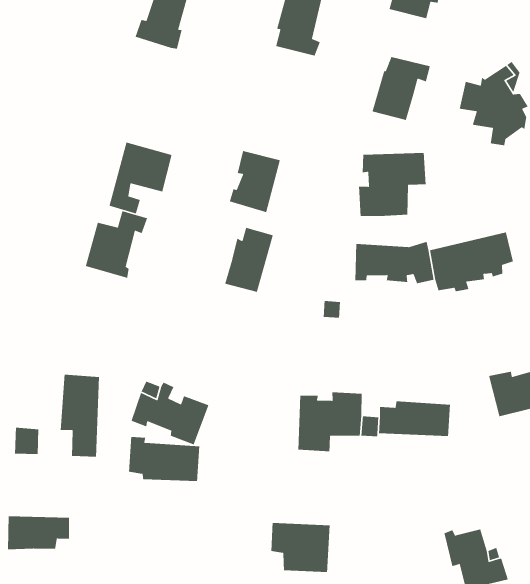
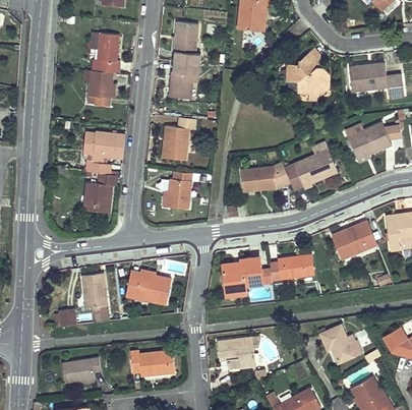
building: none -> [87,70,113,107]
building: [371,56,431,121] -> [168,62,198,99]
building: [358,152,426,217] -> none
building: [128,436,200,482] -> [130,350,174,375]

